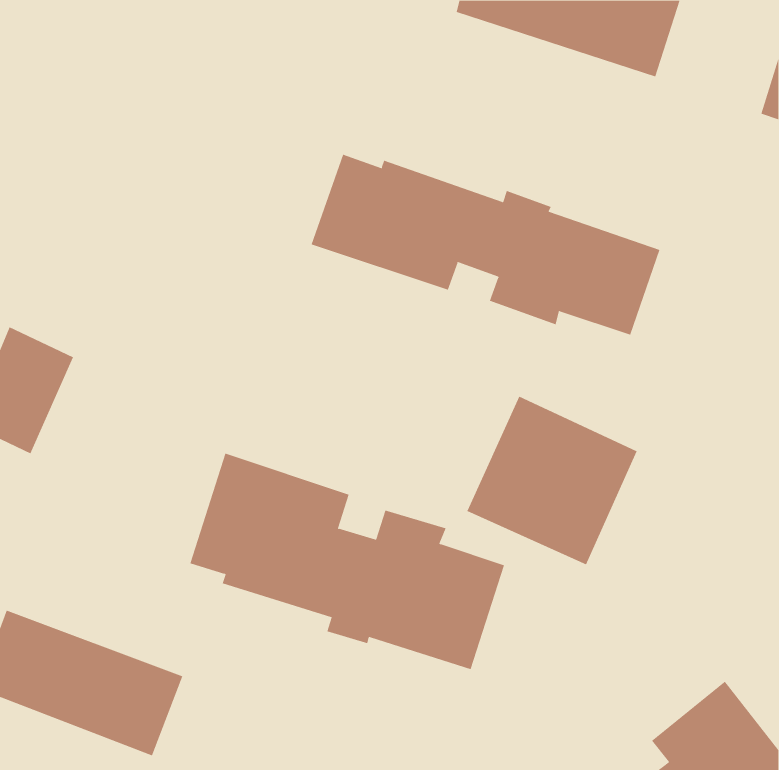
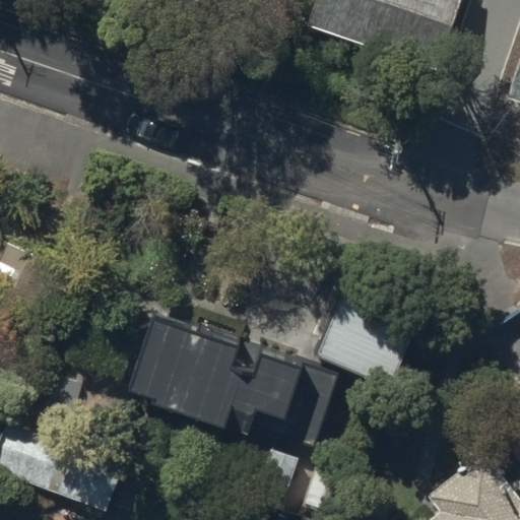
building: [311,154,660,336] -> none

